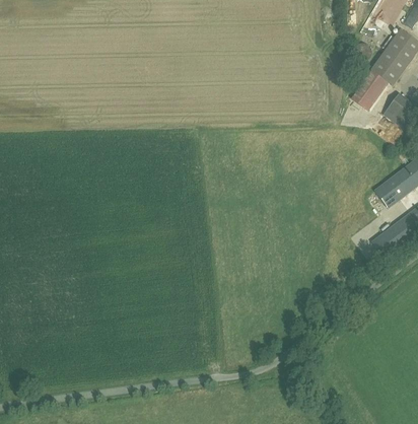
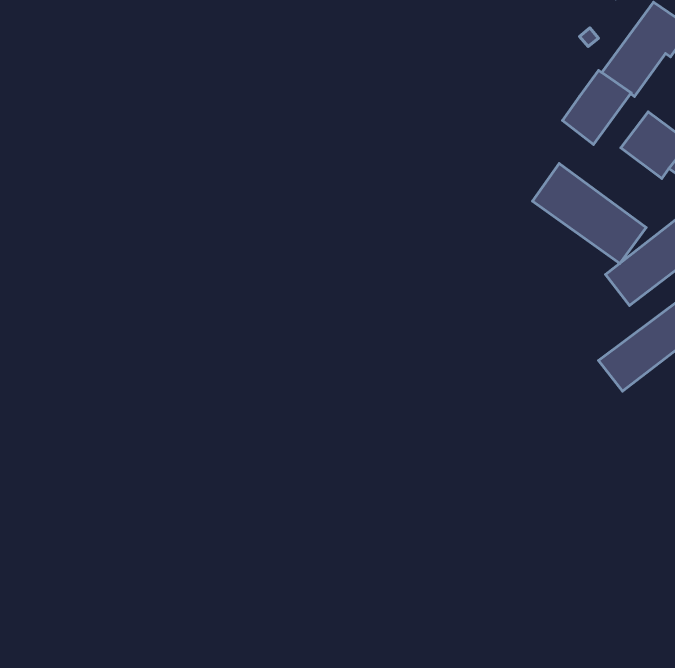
building: none -> [533,163,646,263]

